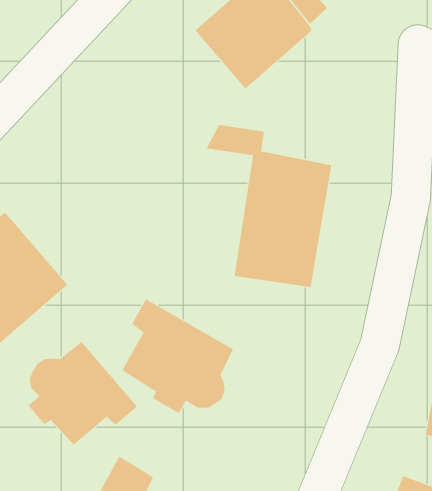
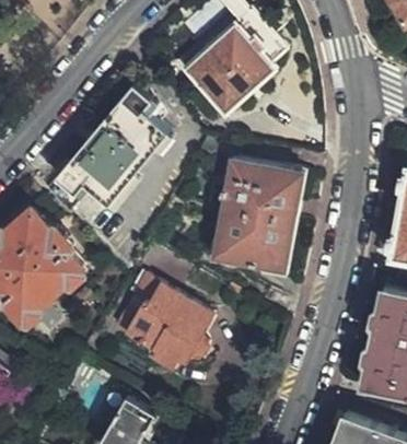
building: none -> [45,81,164,215]
building: [27,341,138,445] -> none

